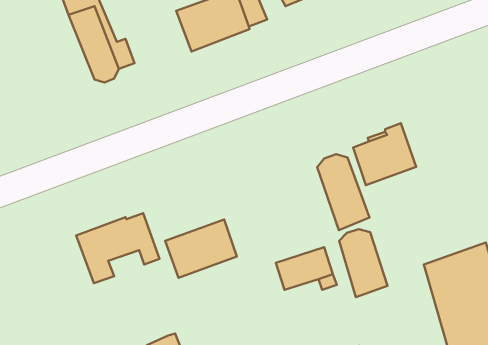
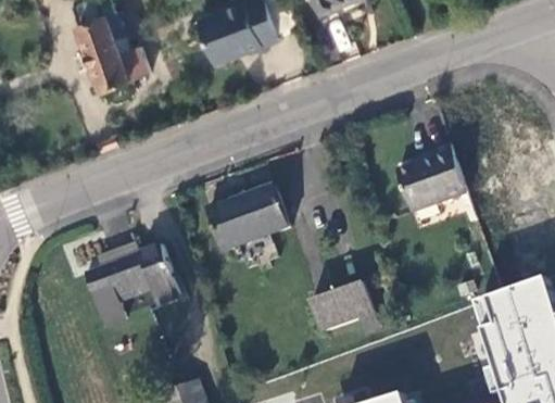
building: [317,154,369,230] -> none
building: [165,220,237,278] -> [209,184,289,249]
building: [339,229,387,297] -> none

